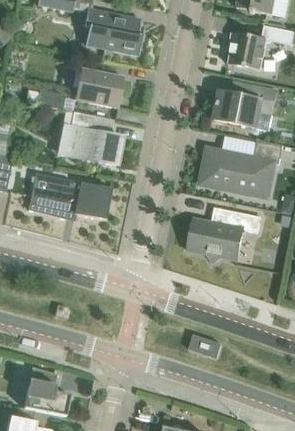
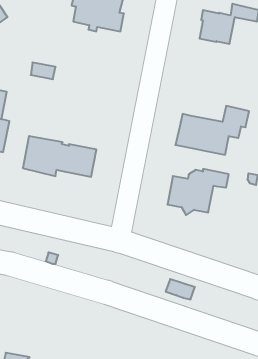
building: [74,68,124,107] -> none
building: [214,83,277,129] -> none
building: [58,111,122,164] -> none
building: [23,366,70,415] -> none

